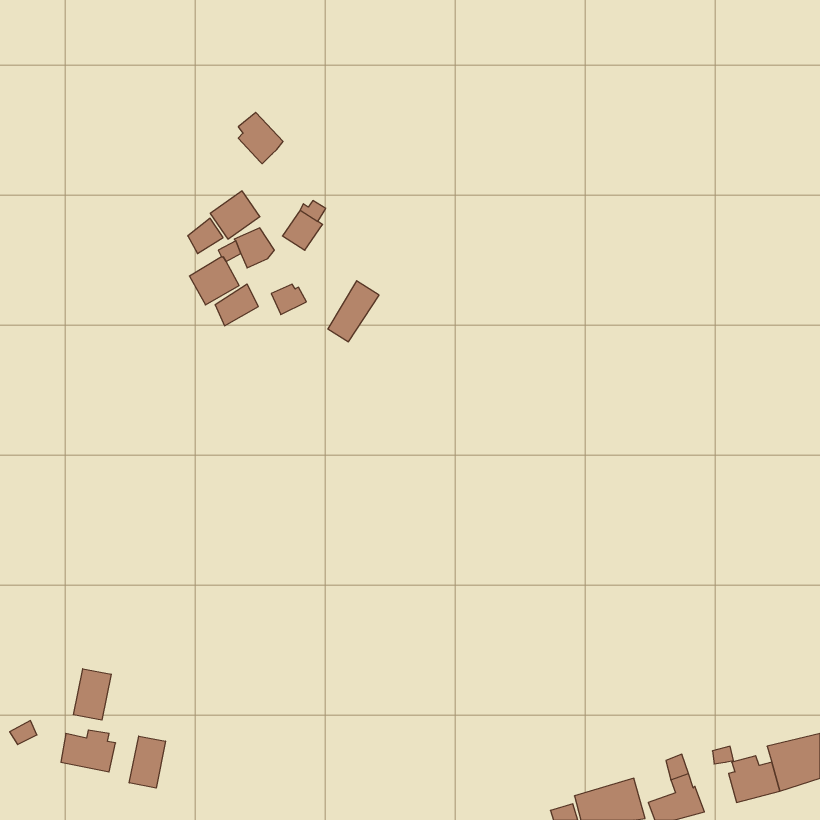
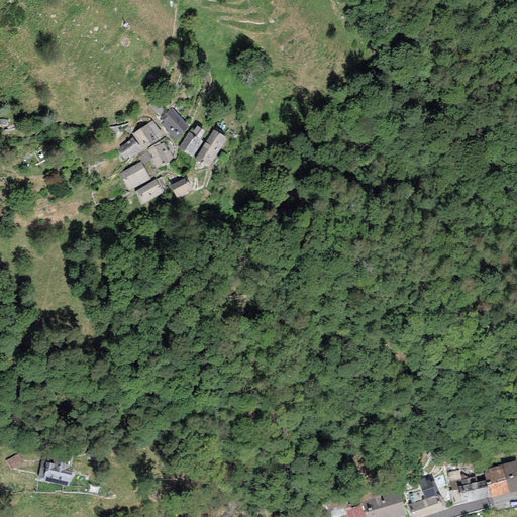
building: [238,112,283,164] -> [161,108,189,140]
building: [328,281,379,342] -> [195,129,227,168]
building: [74,669,111,720] -> none
building: [129,736,165,788] -> none

